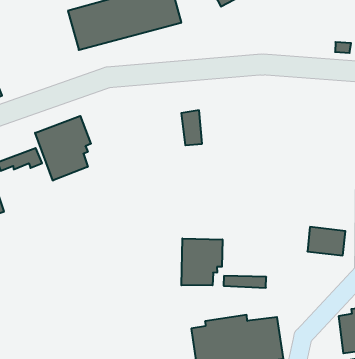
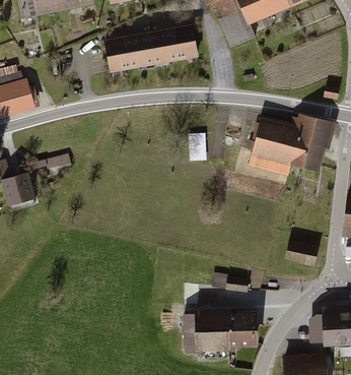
building: none -> [249,114,331,173]
building: [35,116,91,181] -> none
building: [181,238,222,285] -> none

